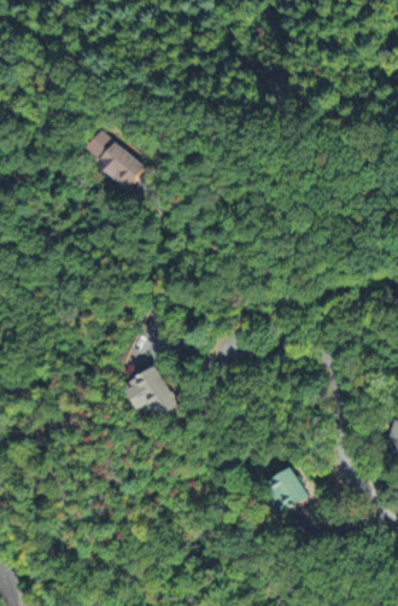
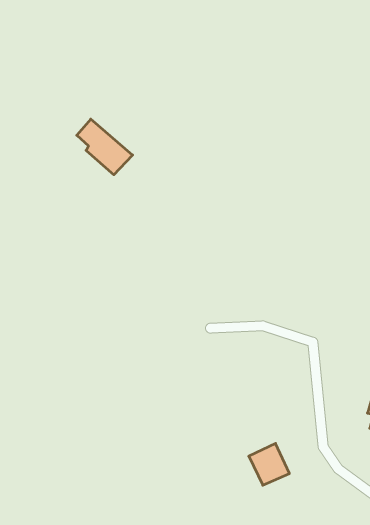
building: [127,366,176,414] -> none

